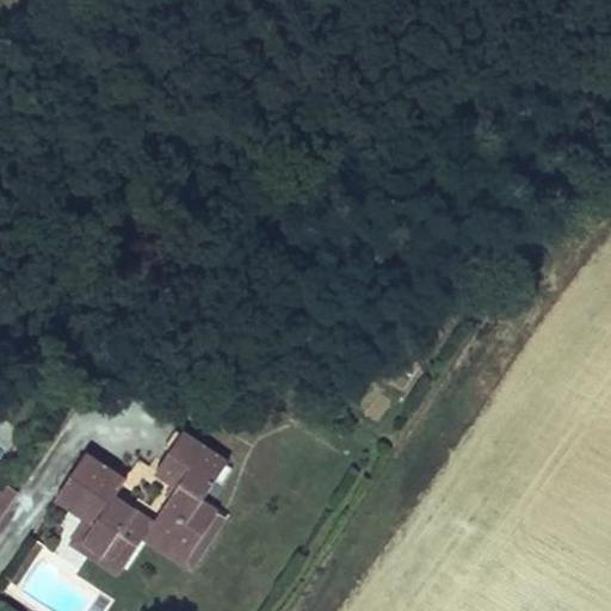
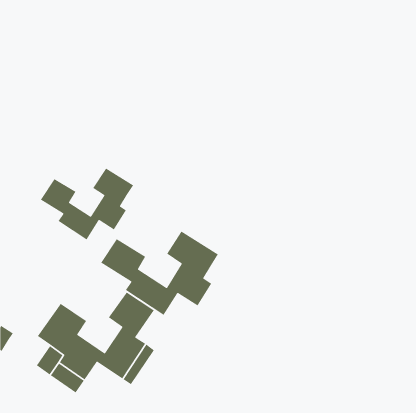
building: none -> [40,168,134,241]
building: none -> [100,231,219,316]

